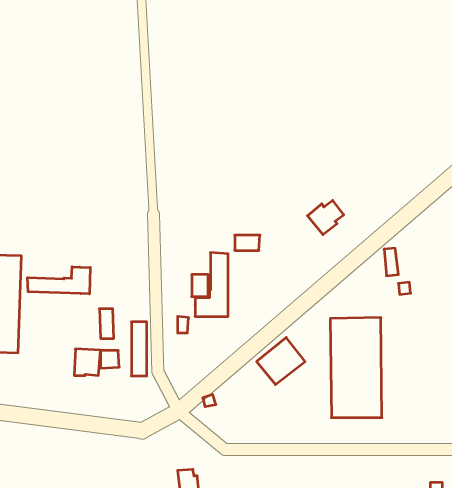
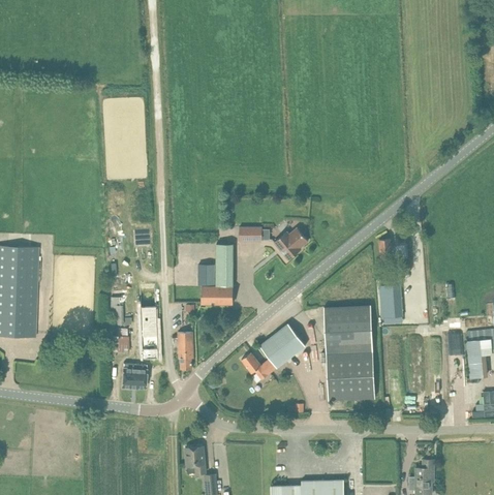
building: [307,200,344,235] -> [274,228,308,260]
building: [28,267,90,294] -> none
building: none -> [379,285,403,318]
building: none -> [178,333,193,370]
building: [74,349,101,375] -> [122,364,147,389]
building: none -> [242,346,277,380]

